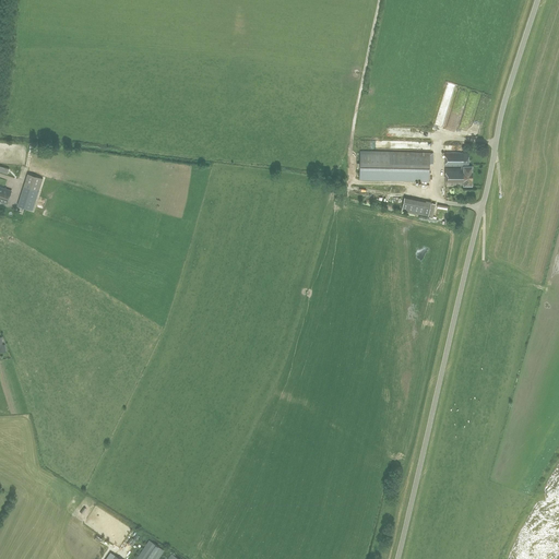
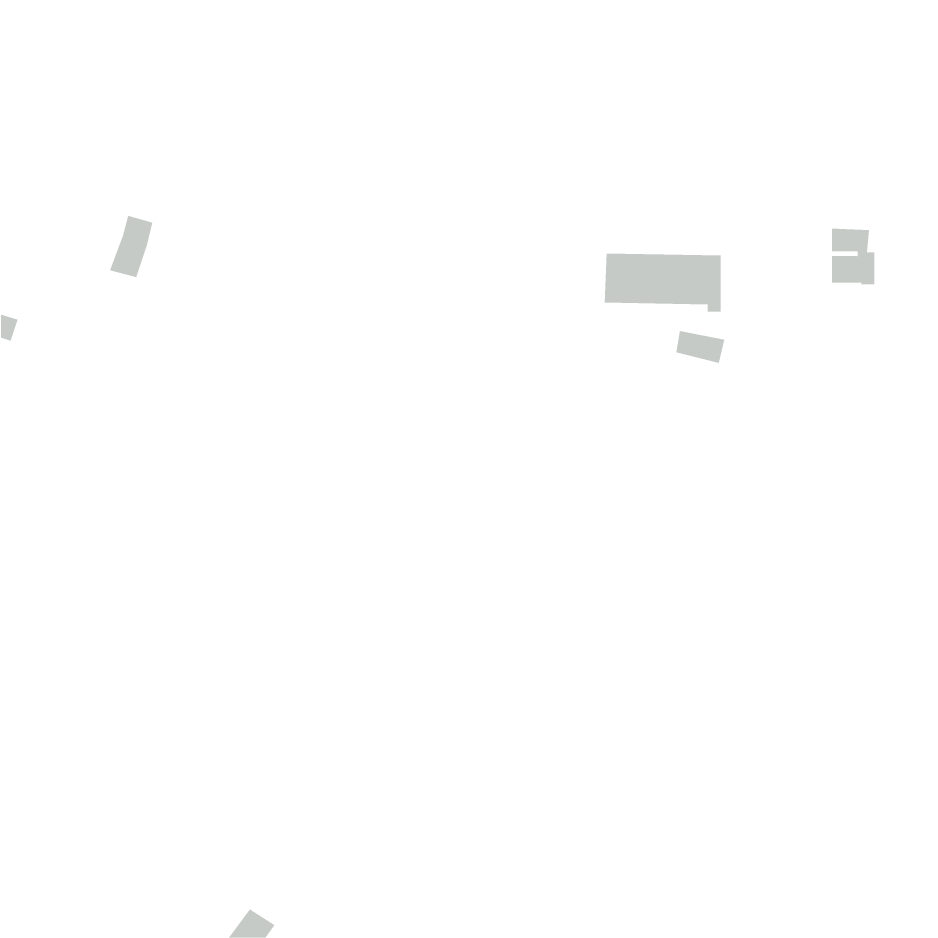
building: [445,152,472,186] -> [831,228,875,285]
building: [16,174,43,211] -> [109,215,153,278]

